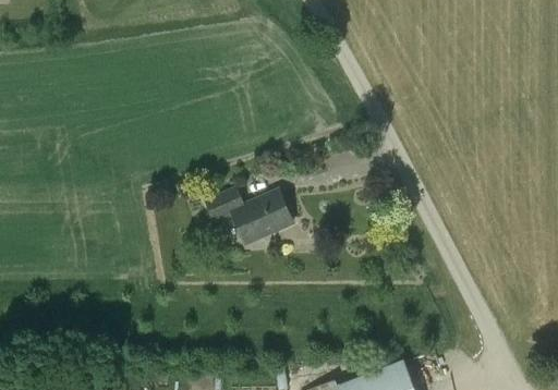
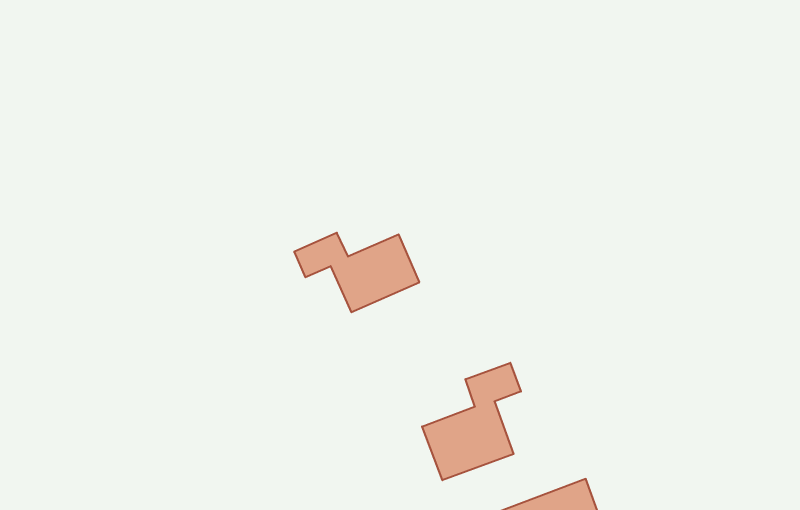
building: none -> [422,363,521,480]

